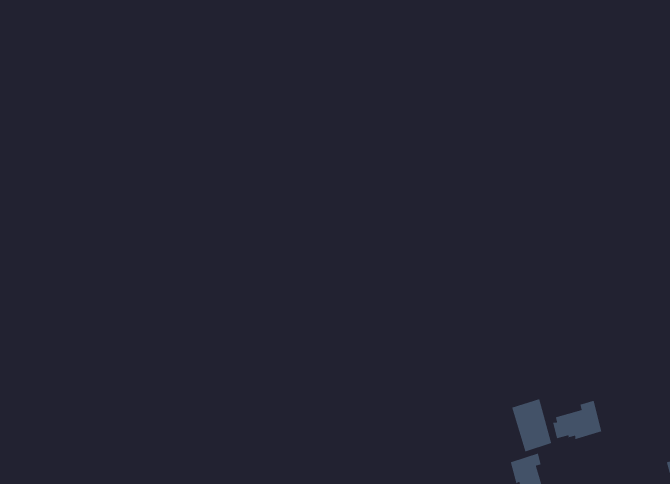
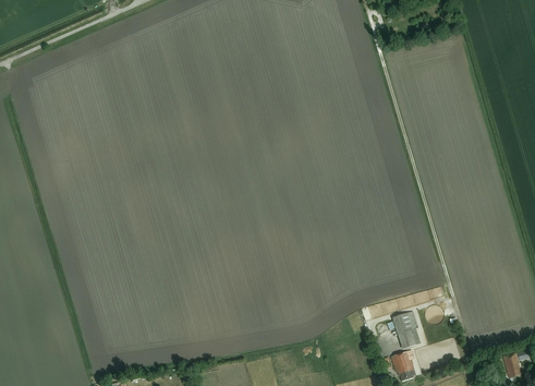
building: [552,400,602,440] -> none

